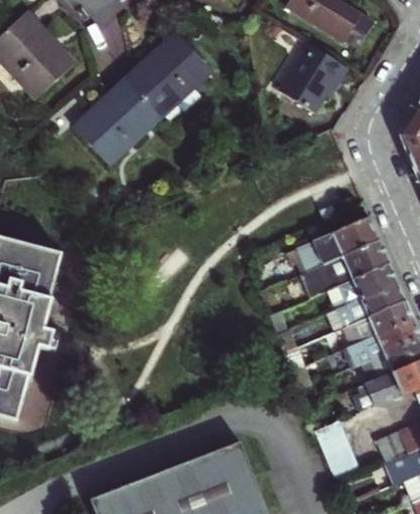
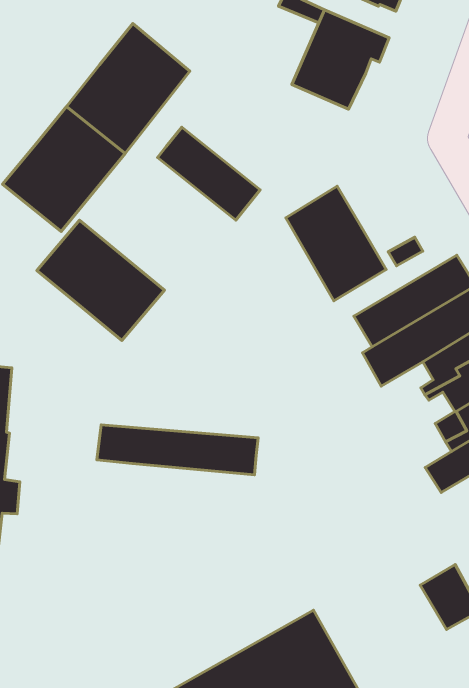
building: none -> [158,127,260,220]
building: none -> [37,220,164,341]
building: none -> [286,186,386,301]
building: none -> [97,425,258,475]

